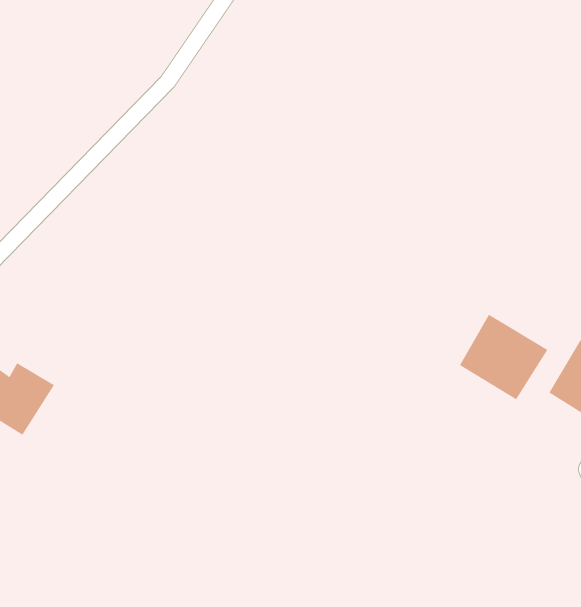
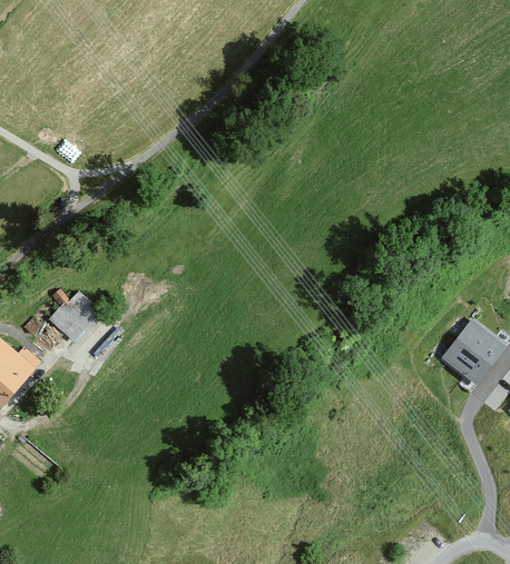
building: [459,314,548,400] -> none

